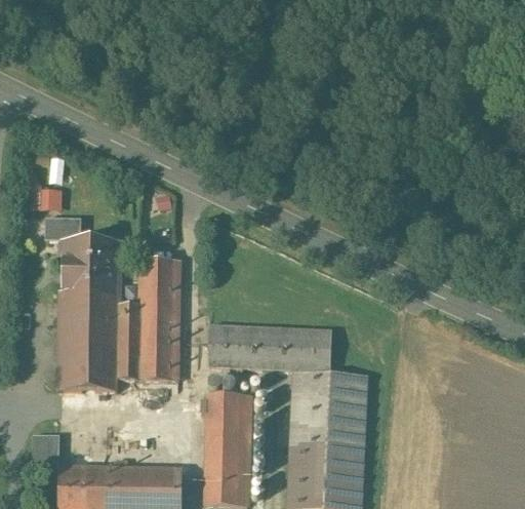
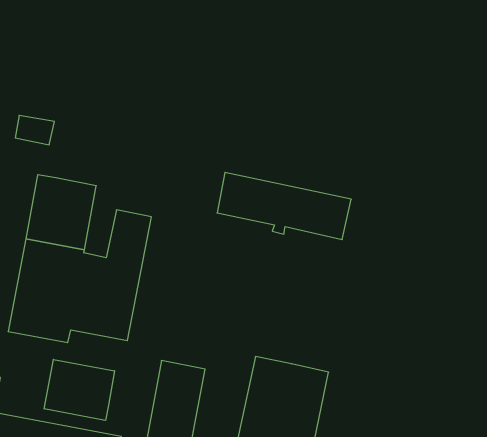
building: [46,218,82,240] -> none
building: [209,326,332,375] -> [217,172,351,240]
building: none -> [44,359,115,420]

